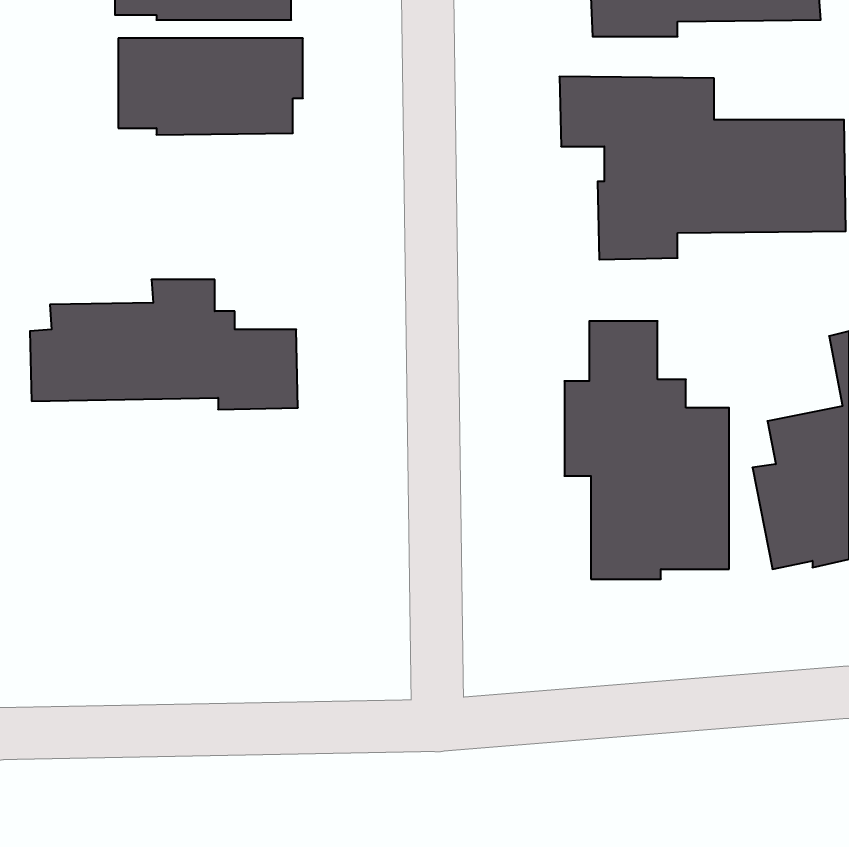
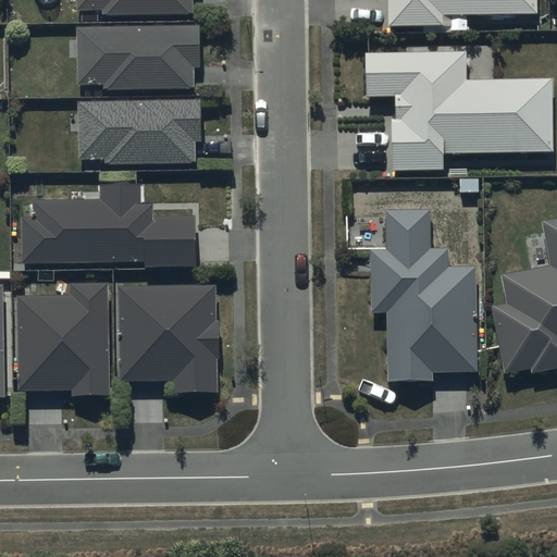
building: none -> [76,99,199,163]
building: none -> [16,283,109,394]
building: none -> [117,285,218,392]

